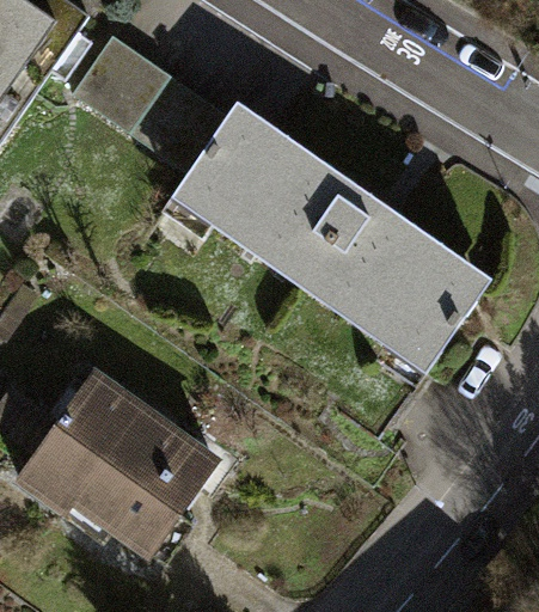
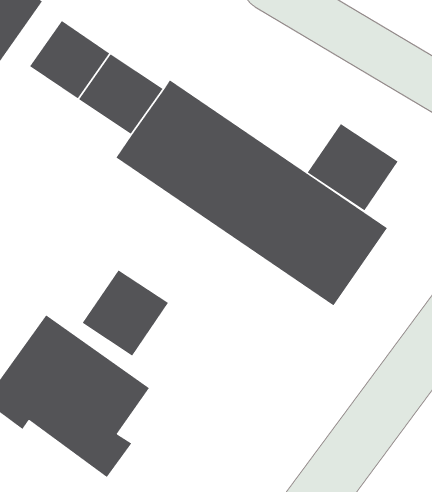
building: none -> [307,123,398,211]
building: none -> [82,269,169,356]

